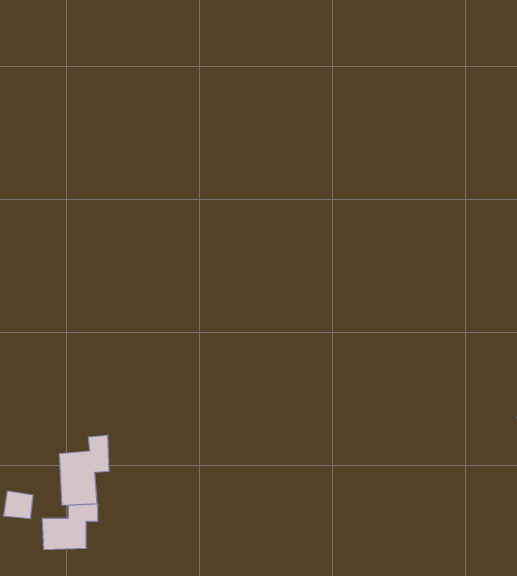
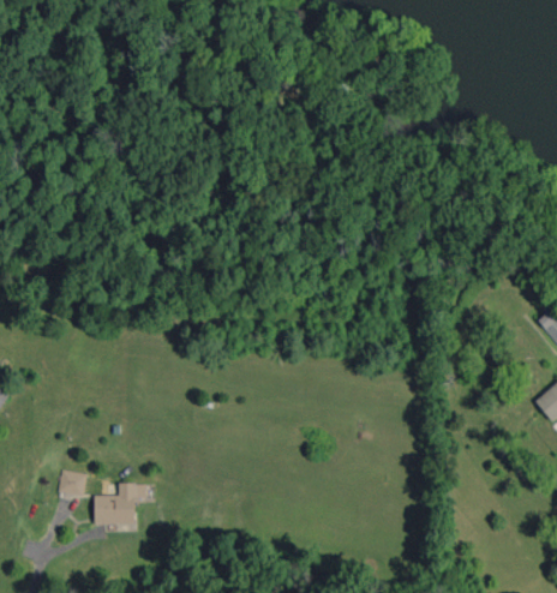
building: [60,435,109,505] -> none

